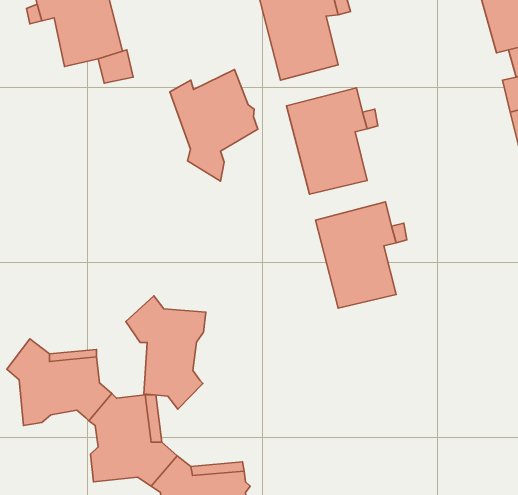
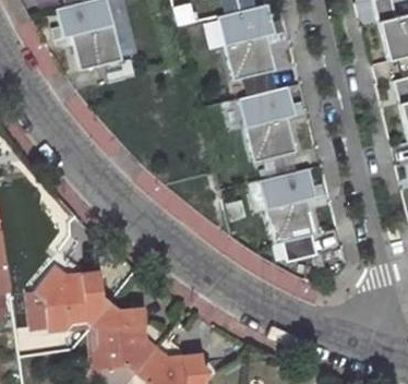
building: [170,69,258,181] -> none
building: [126,296,206,409] -> none

